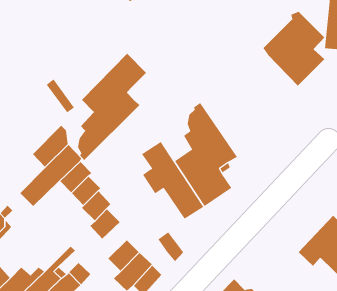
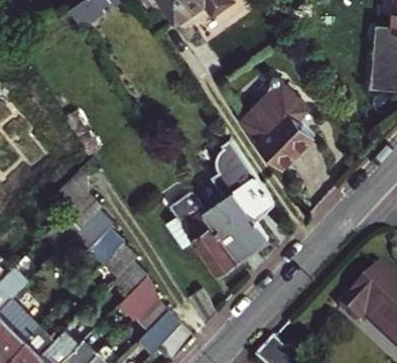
building: [262,11,325,87] -> [244,82,313,165]
building: [78,53,147,161] -> none

